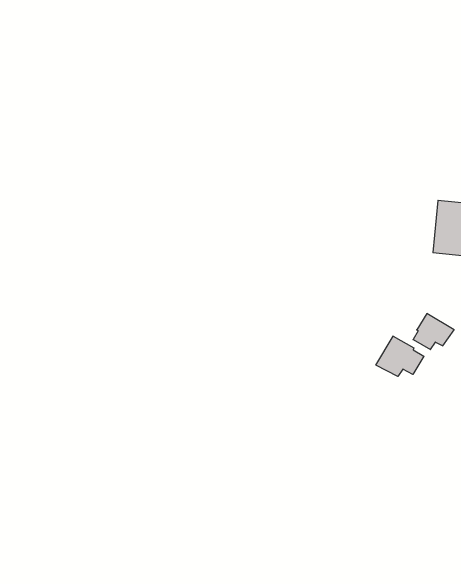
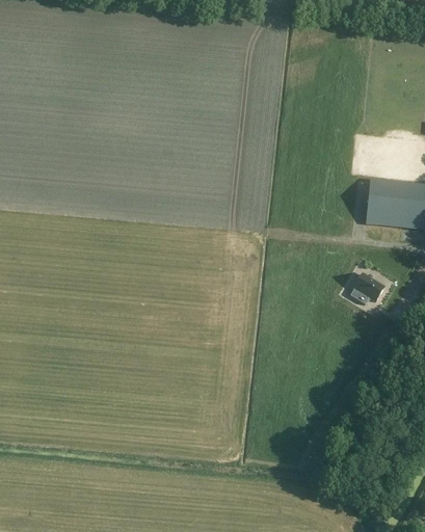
building: [376,336,424,376] -> none

